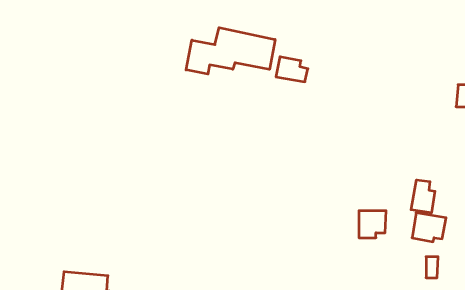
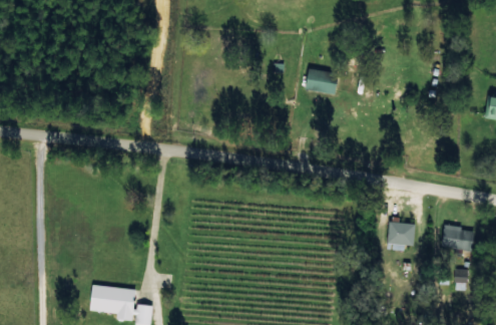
building: [186,28,275,74] -> none
building: [411,180,435,213] -> none

